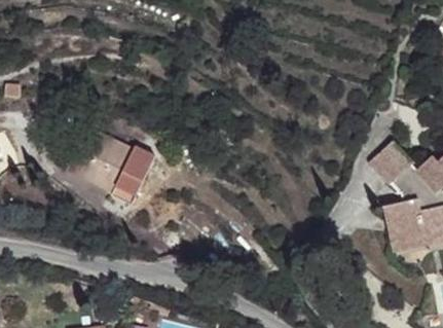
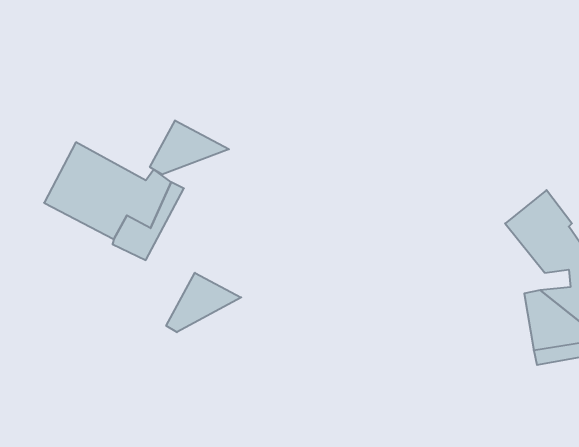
building: none -> [150,120,229,174]
building: none -> [166,273,241,332]

